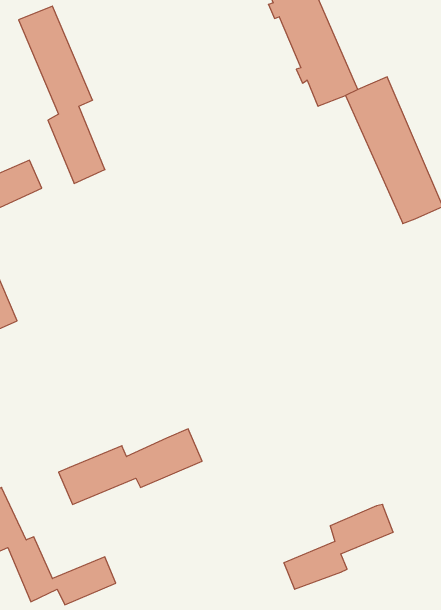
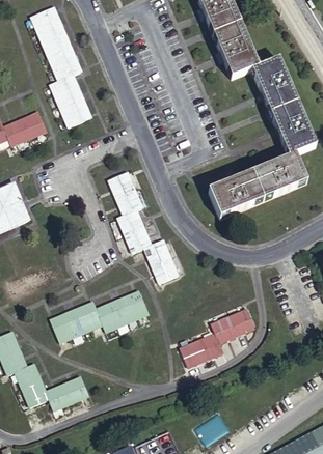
building: none -> [211,152,309,217]
building: none -> [113,171,183,283]
building: [284,504,393,589] -> [177,303,250,360]

